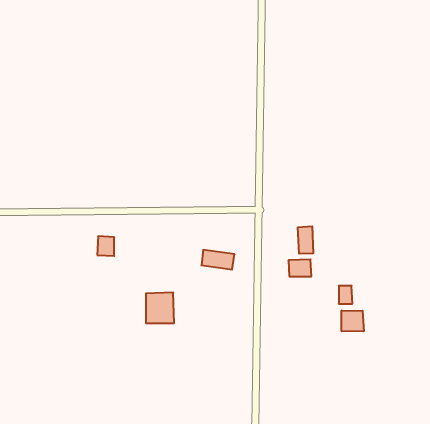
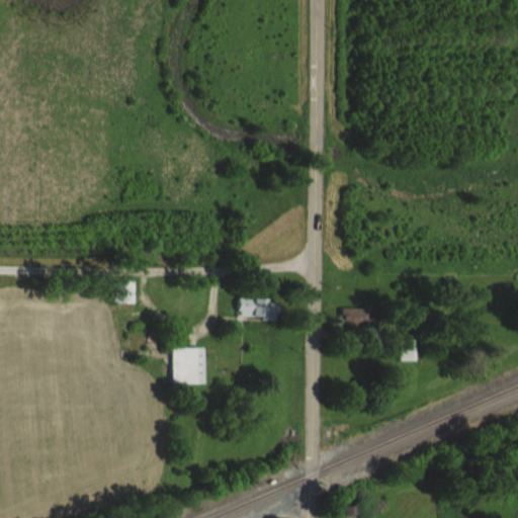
building: [298,226,313,254] -> none
building: [342,310,364,331] -> none

